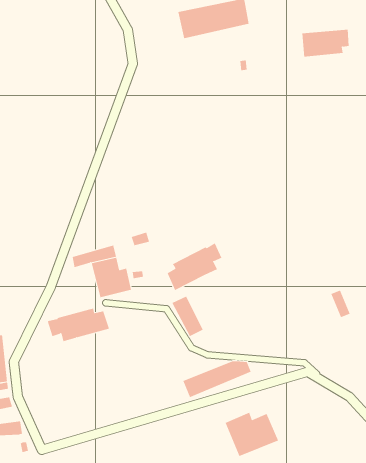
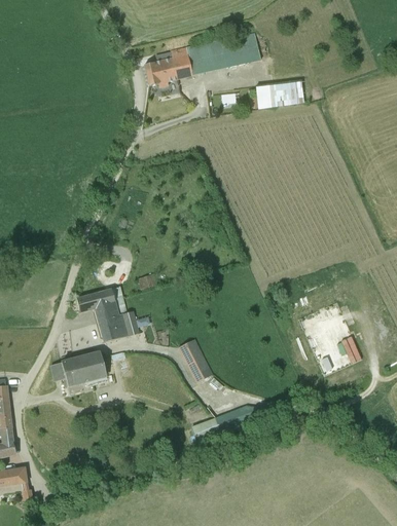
building: none -> [143,48,190,87]
building: [302,29,349,57] -> [256,79,305,108]
building: [167,242,222,291] -> none
building: [225,412,279,457] -> none

